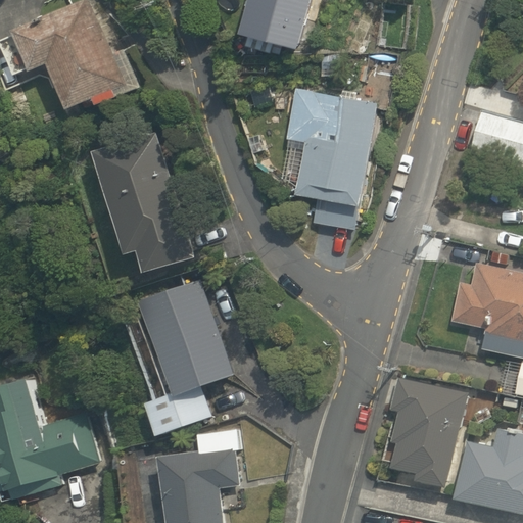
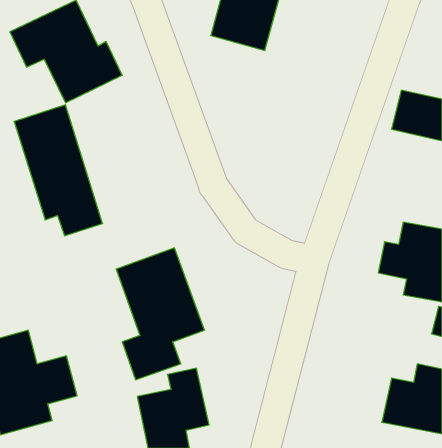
building: [277,87,398,232] -> none
building: [97,132,199,283] -> [14,105,103,236]
building: [369,370,458,479] -> none

